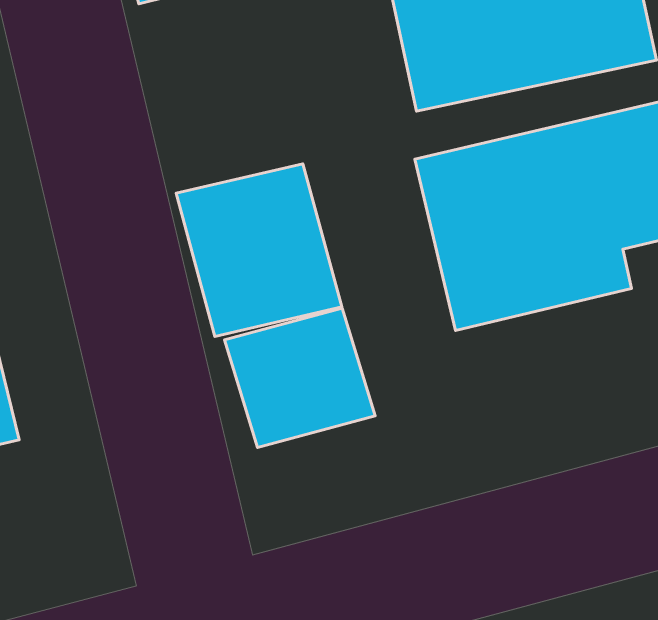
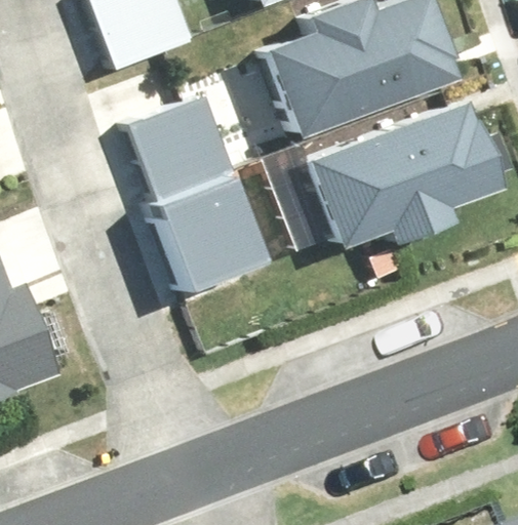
building: none -> [119,82,231,195]
building: [224,308,375,448] -> none

